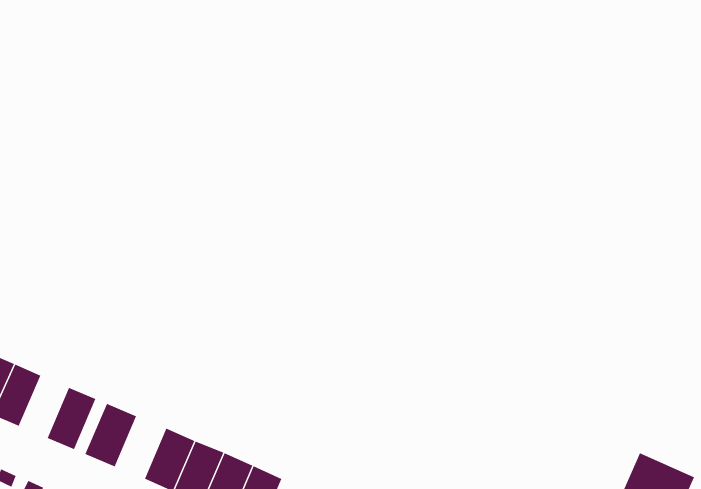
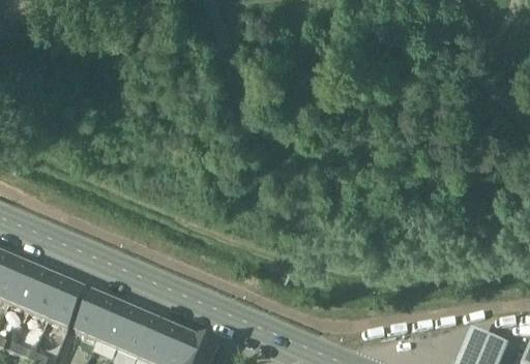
building: none -> [31,269,66,313]
building: none -> [99,298,136,342]

